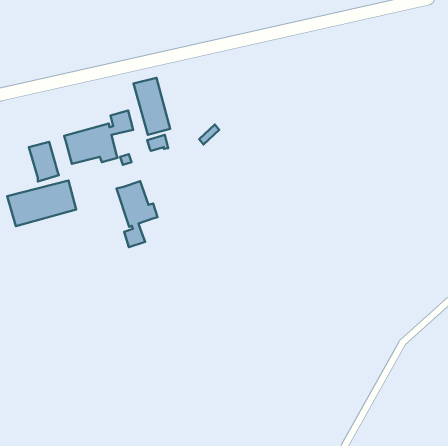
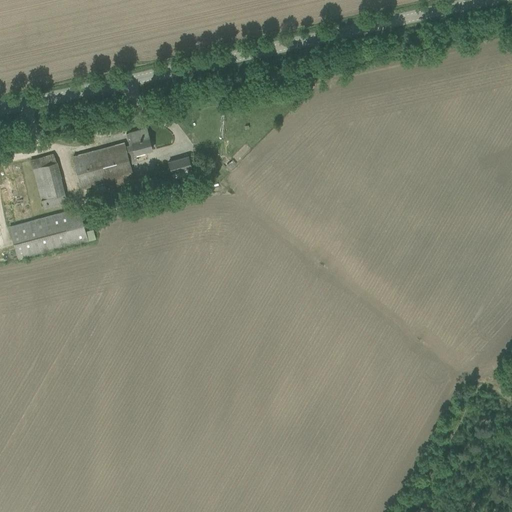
building: [134,78,170,135] -> none
building: [117,181,157,247] -> none

